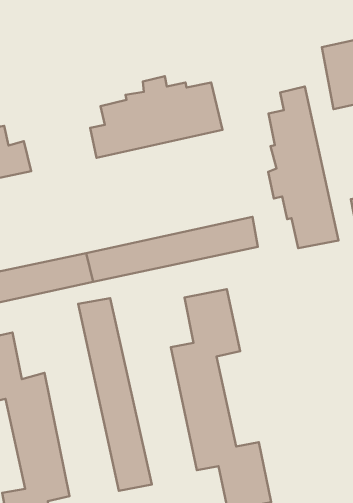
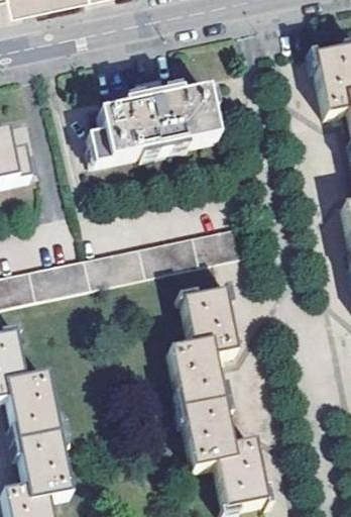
building: [268,86,338,248] -> none
building: [78,298,152,491] -> none

